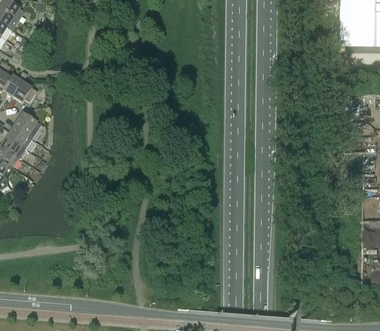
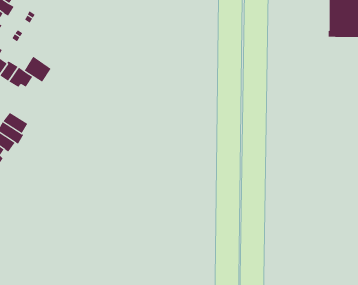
building: [13,111,41,138] -> [24,56,51,82]

